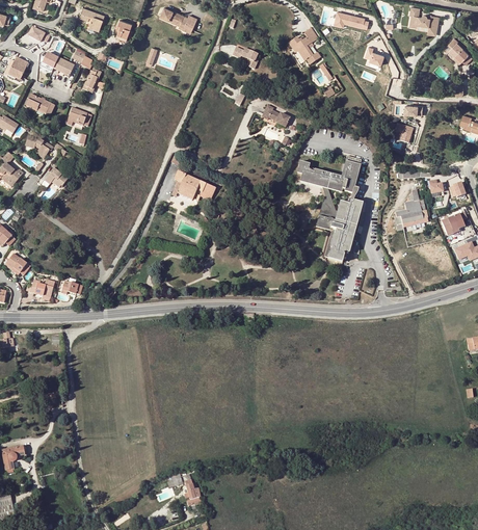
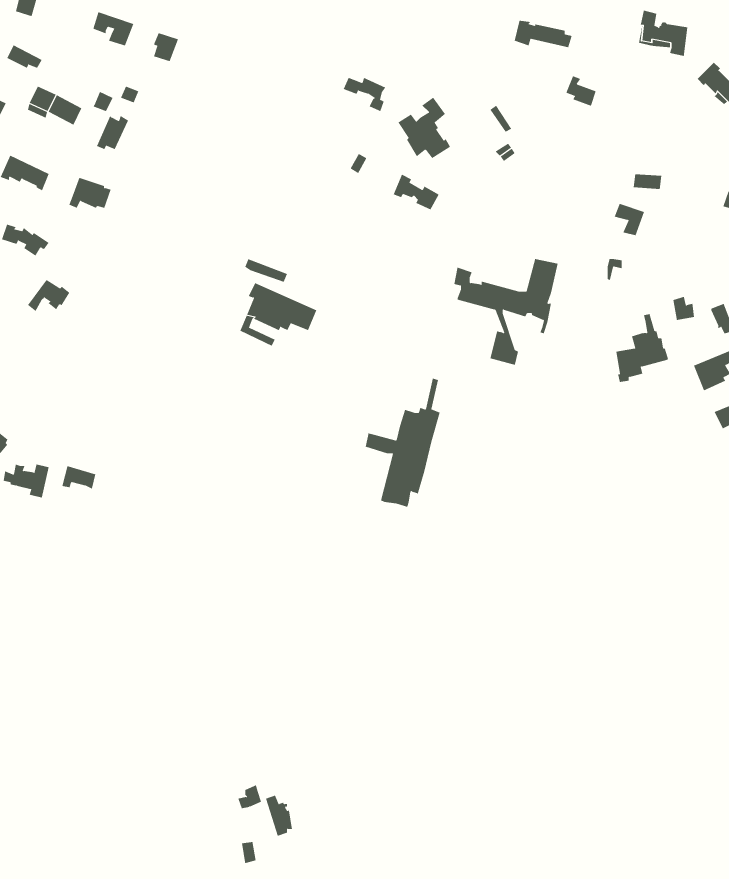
building: [160,5,197,29] -> none
building: [289,27,321,64] -> [397,97,451,159]
building: [316,183,362,261] -> [365,378,441,507]

